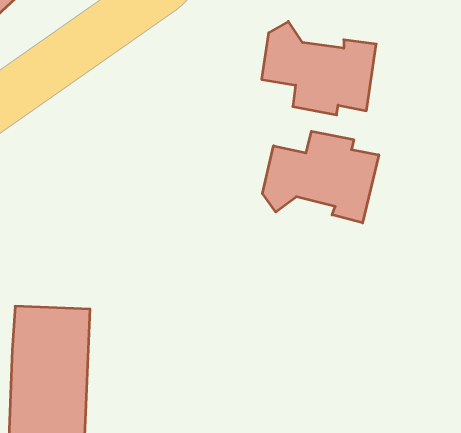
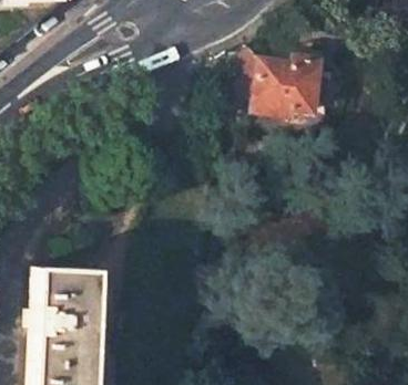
building: [262,131,379,223] -> none

